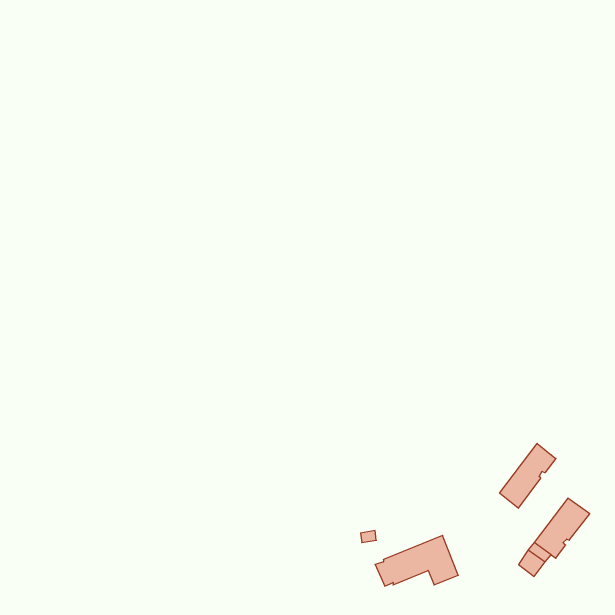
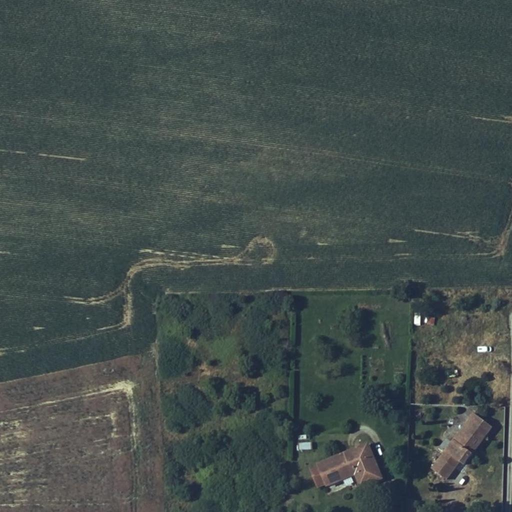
building: [500,443,556,508] -> none

